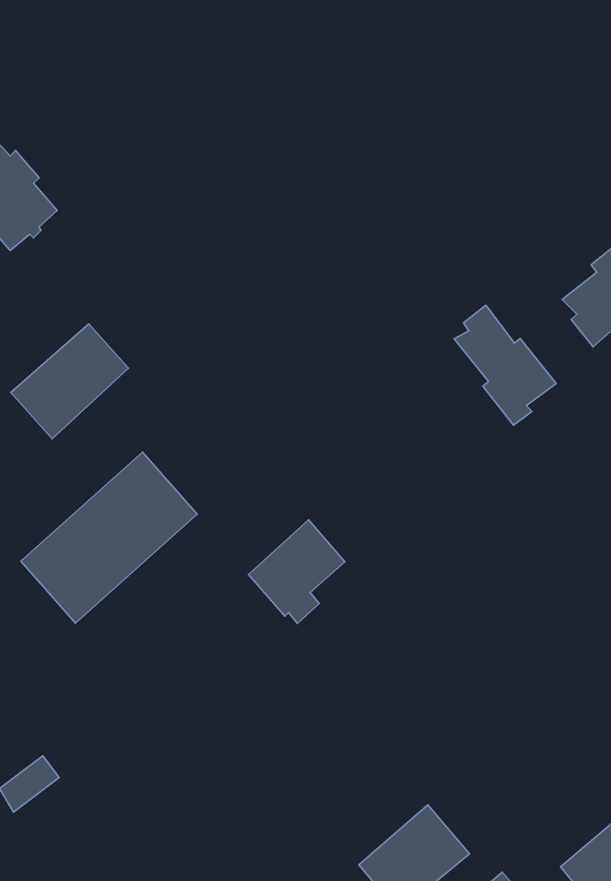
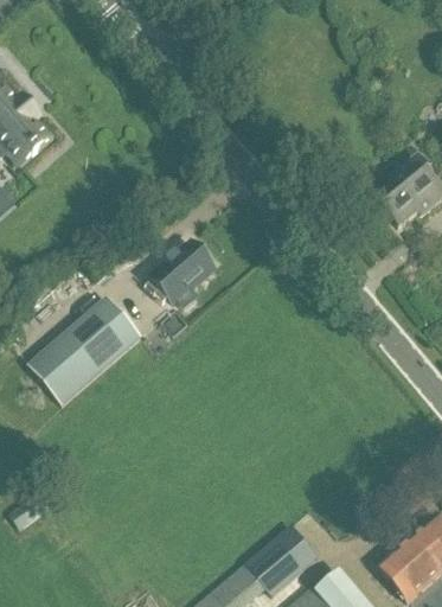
building: [454,305,556,425] -> none
building: [11,324,129,439] -> none
building: [248,520,345,624] -> [150,241,213,308]

